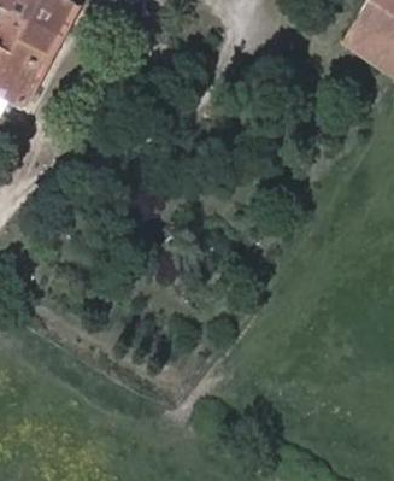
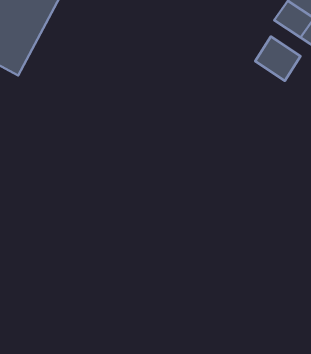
building: none -> [255,37,300,81]

